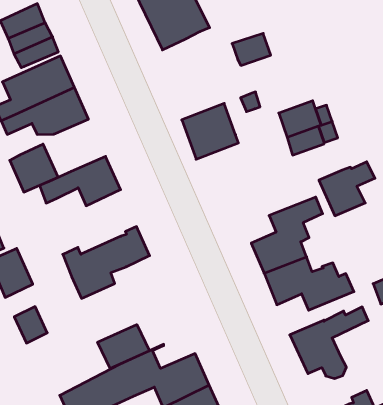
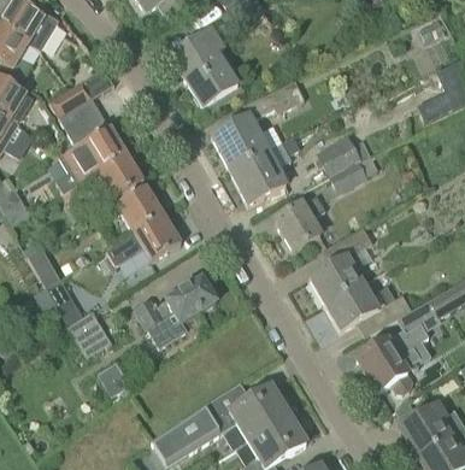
building: none -> [212,114,267,170]
building: [10,144,58,192] -> [117,184,164,231]
building: [319,162,375,216] -> [275,195,326,249]
building: [98,325,149,369] -> none

